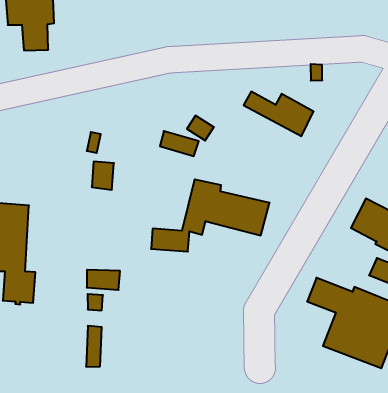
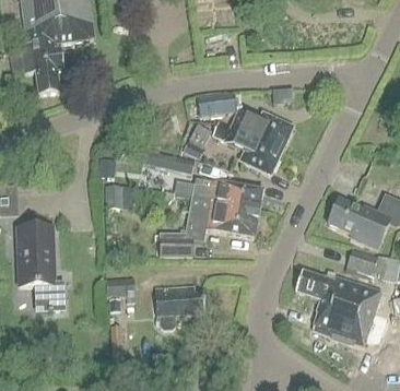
building: none -> [198,95,236,115]
building: none -> [211,119,281,174]
building: none -> [174,179,261,208]
building: none -> [154,283,204,329]

